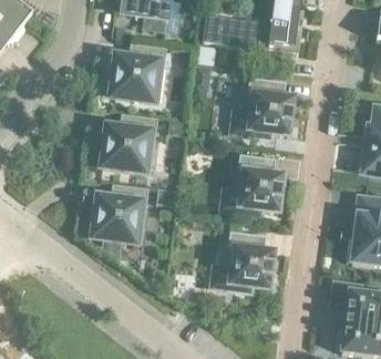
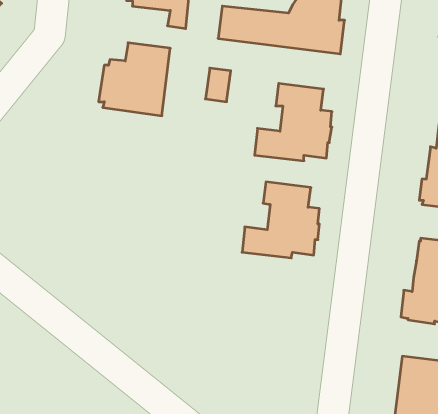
building: [99,114,155,171] -> none
building: [90,184,146,242] -> none
building: [210,229,271,290] -> none

